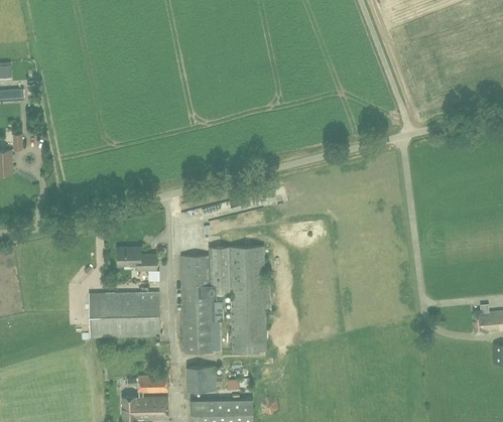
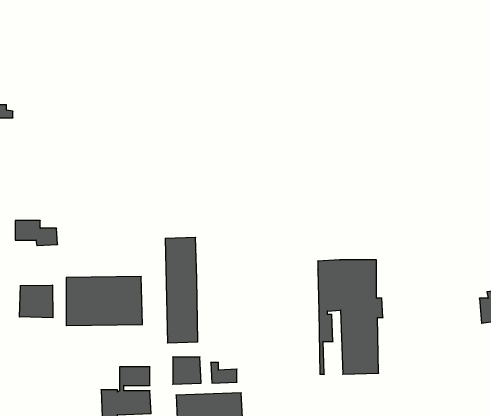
building: [209,246,269,351] -> [318,260,383,374]
building: [117,247,156,270] -> [15,221,58,246]
building: none -> [20,285,53,318]

